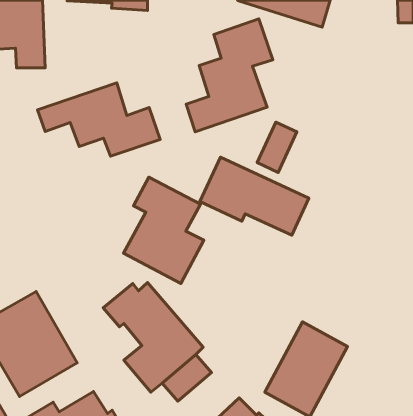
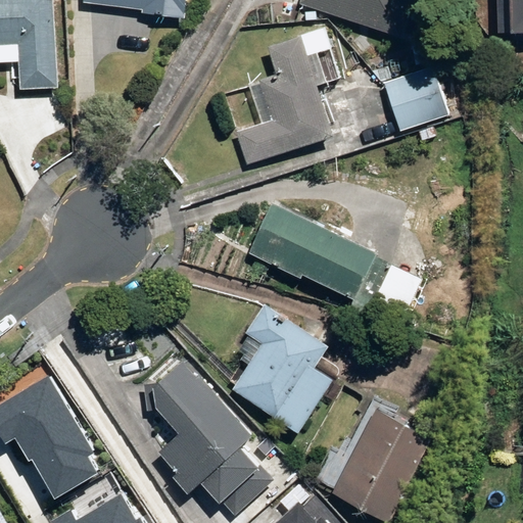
building: none -> [382,76,427,131]
building: [37,83,160,156] -> none
building: [257,122,297,172] -> none
building: [124,177,204,283] -> [234,299,334,432]

